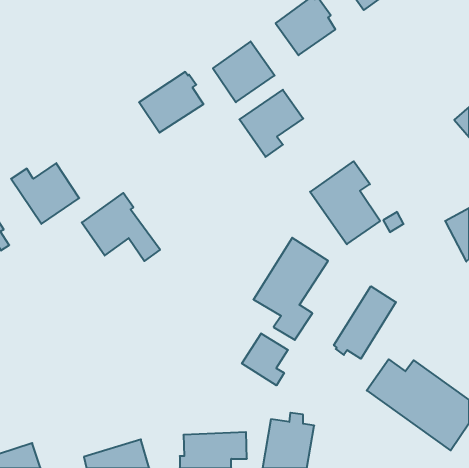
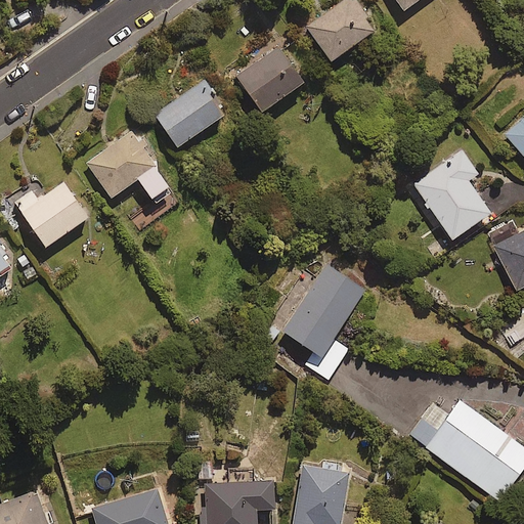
building: [239,90,303,157] -> none
building: [310,161,380,244] -> [412,148,490,241]
building: [82,193,160,261] -> [86,130,173,206]
building: [334,286,396,359] -> none
building: [242,333,288,385] -> none

